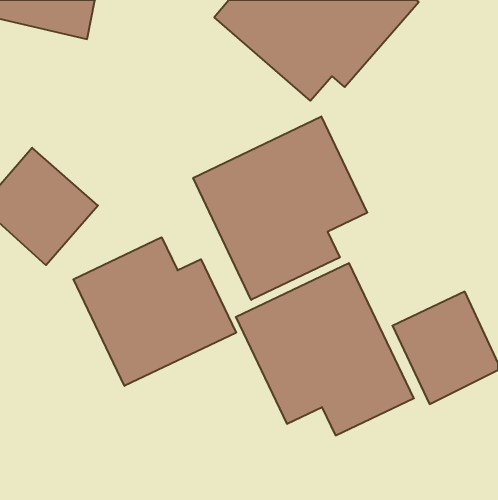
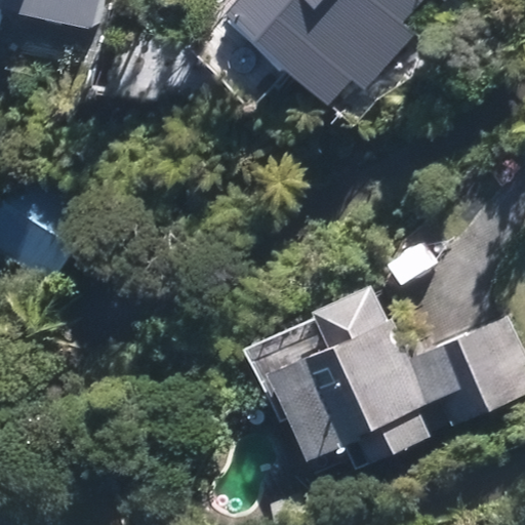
building: [193,116,367,300] -> none
building: [73,237,236,386] -> none

